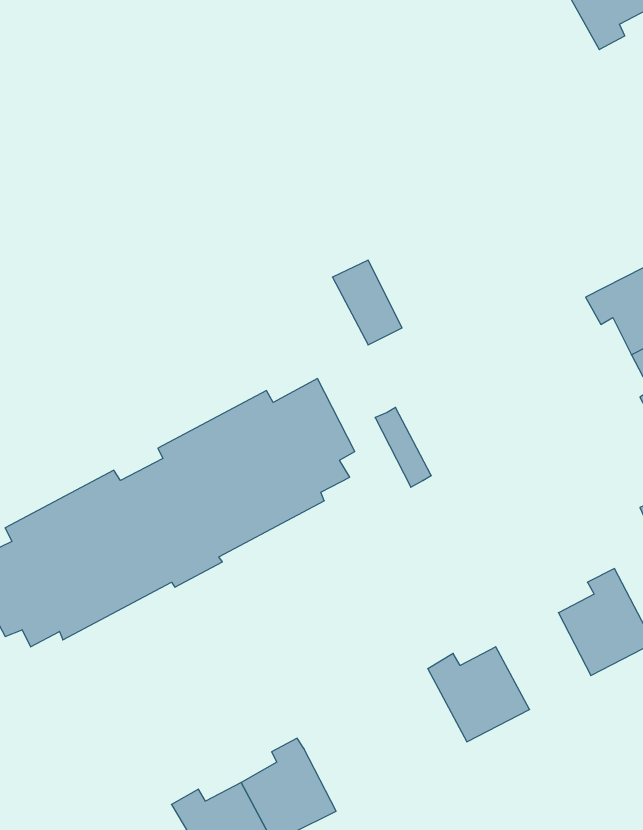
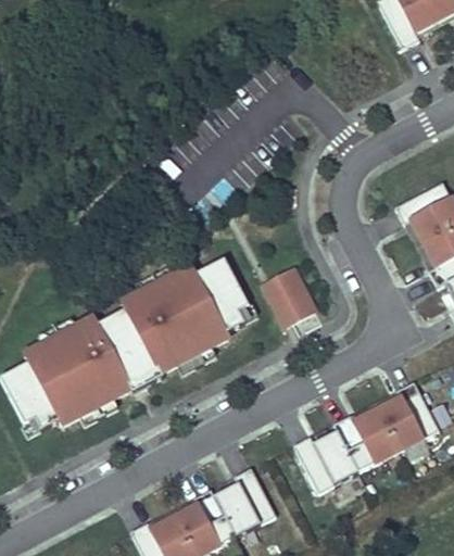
building: [332,260,402,345] -> [274,266,318,320]
building: none -> [333,408,399,470]
building: none -> [215,467,276,535]

